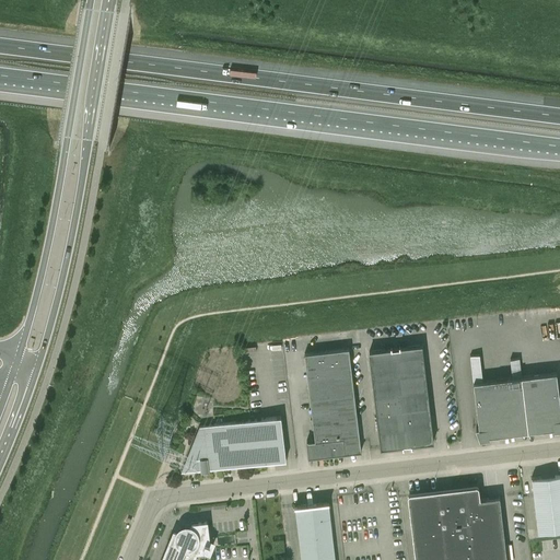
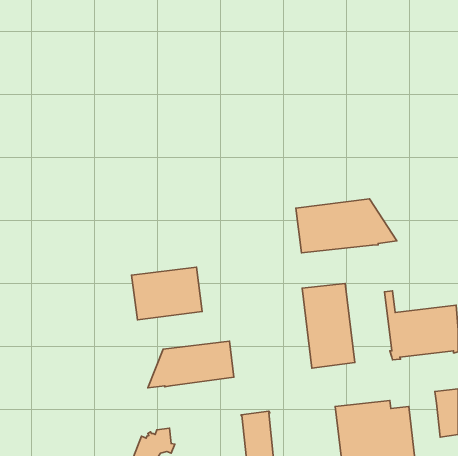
building: none -> [296,199,397,253]
building: none -> [131,267,202,320]
building: [304,351,361,460] -> none

